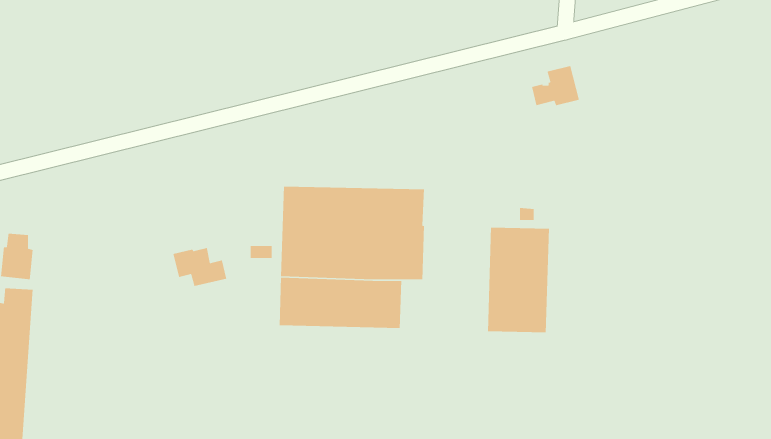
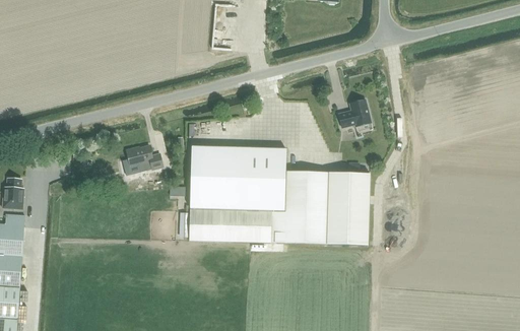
building: [531,65,580,106] -> [338,100,371,127]
building: none -> [269,173,329,244]
building: [172,247,227,287] -> [125,145,161,172]

